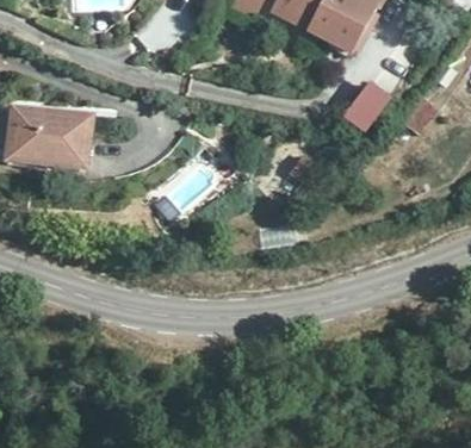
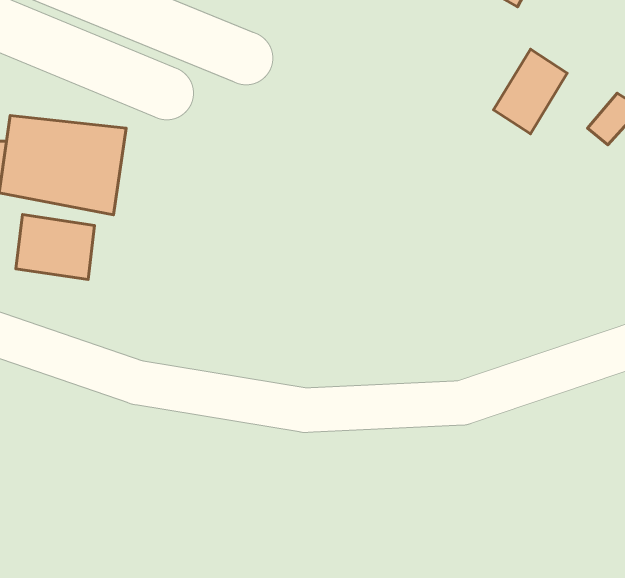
building: none -> [16,215,95,279]

